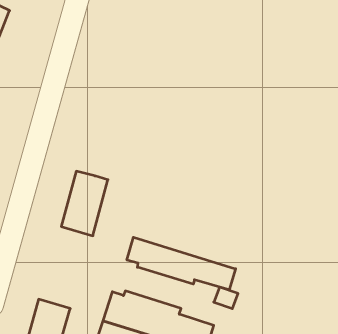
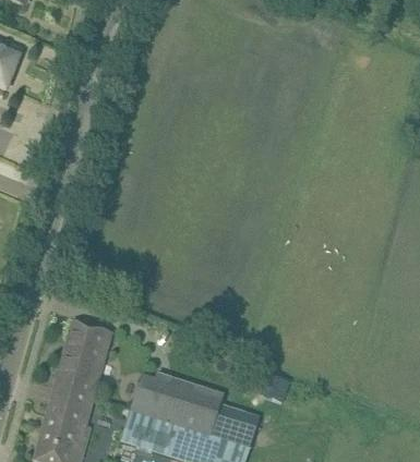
building: [61,171,108,236] -> [56,320,110,396]
building: [127,237,236,290] -> none

